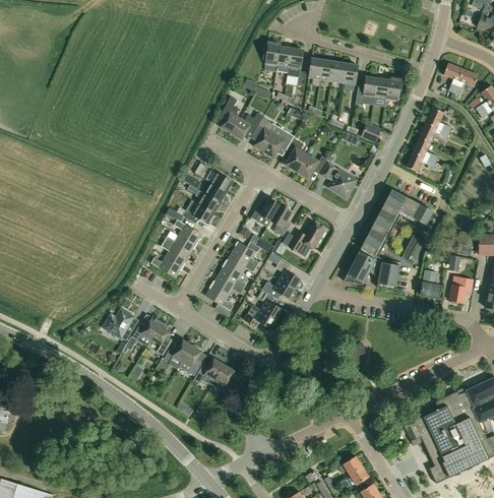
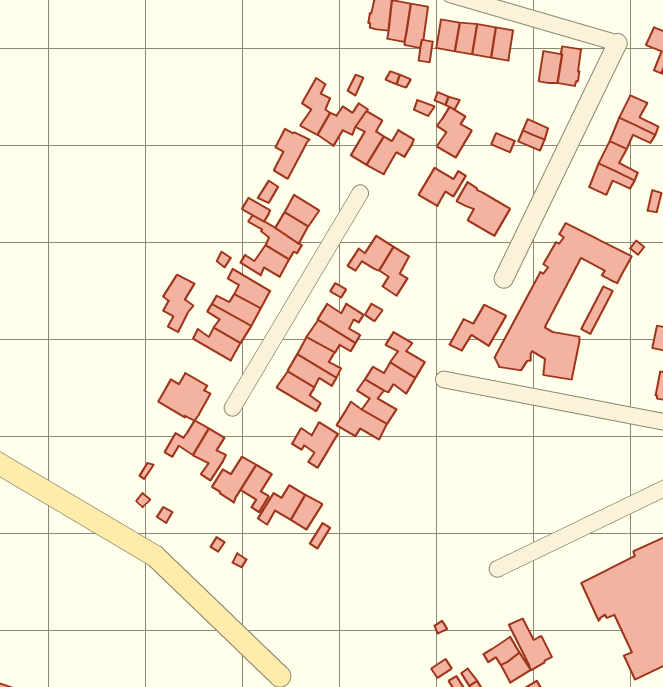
building: [355,76,377,105] -> none
building: none -> [274,129,310,179]
building: [285,138,307,171] -> [437,107,472,157]
building: [288,221,324,250] -> [449,305,506,351]
building: none -> [163,275,195,332]
building: [420,270,440,298] -> none
building: [104,309,137,339] -> [158,373,210,421]
building: none -> [292,422,338,468]
building: none -> [509,619,552,670]

